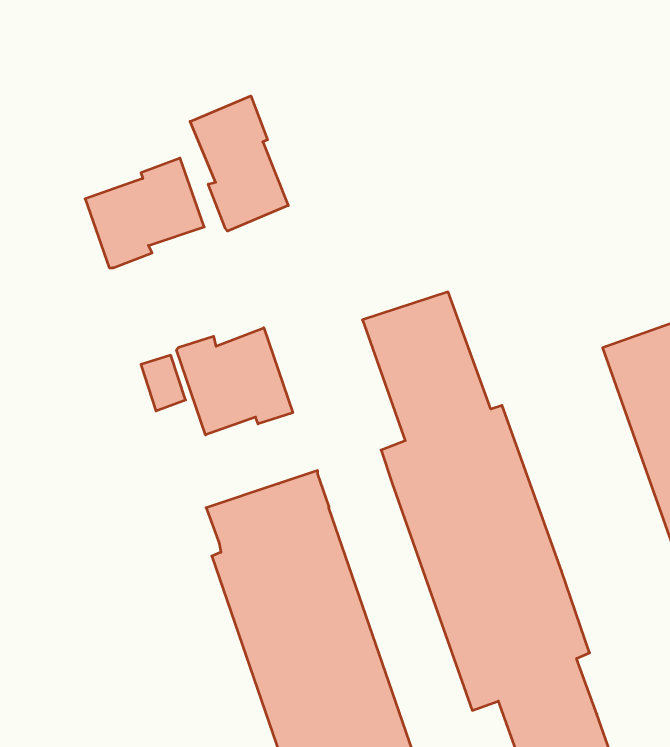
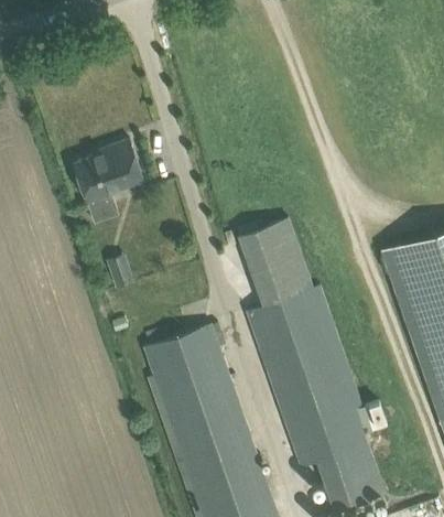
building: [190,96,288,231] -> none
building: [177,328,293,435] -> none

